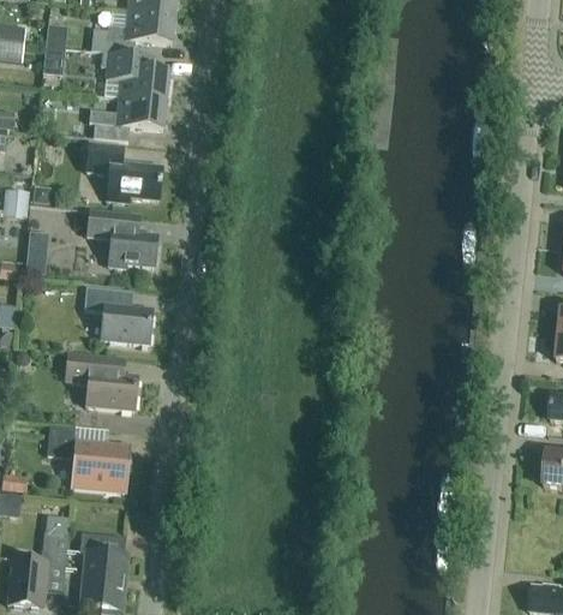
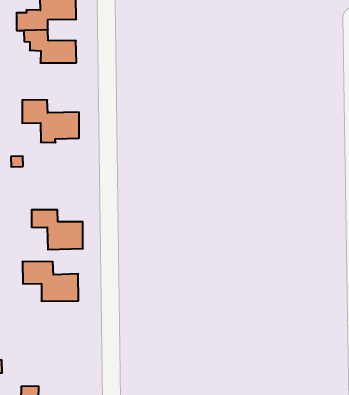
building: [89,96,164,141] -> none
building: [86,210,156,267] -> none
building: [46,425,124,488] -> none

